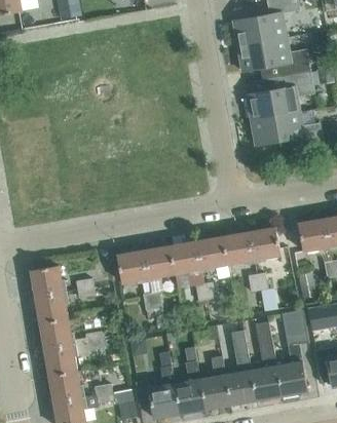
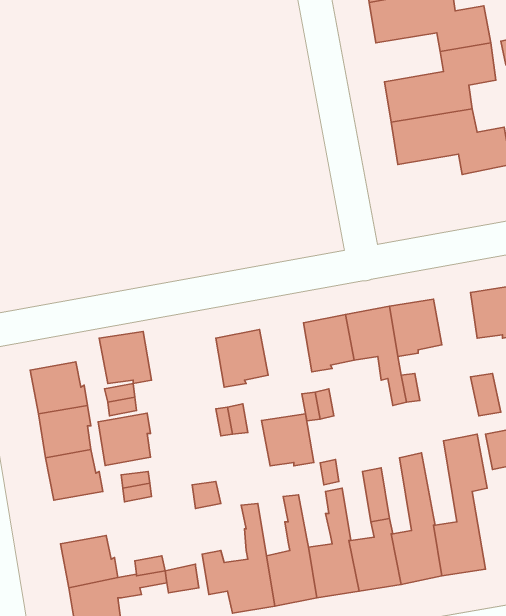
building: [170,241,201,273] -> [262,414,314,466]
building: [116,251,148,282] -> [99,331,152,384]
building: [44,344,76,376] -> [98,413,151,466]

